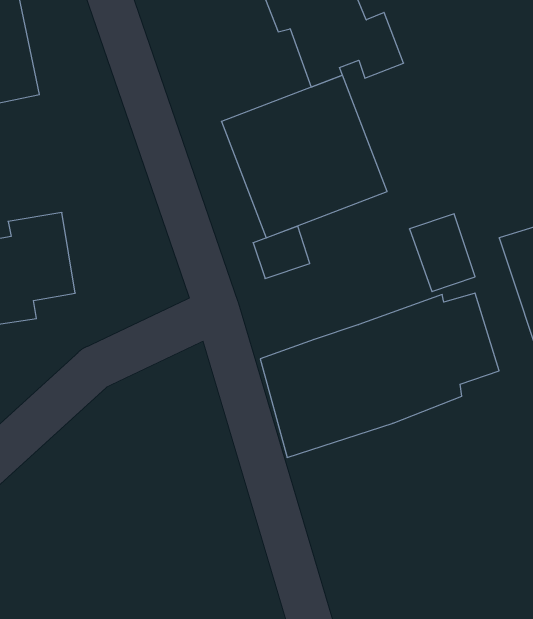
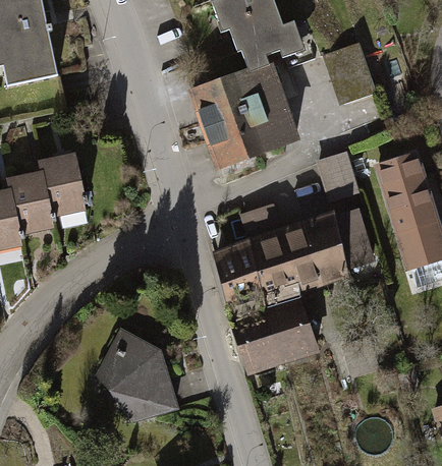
building: none -> [326,51,373,106]
building: [253,226,310,279] -> [241,203,280,239]
building: none -> [231,296,320,373]
building: none -> [92,326,174,421]

